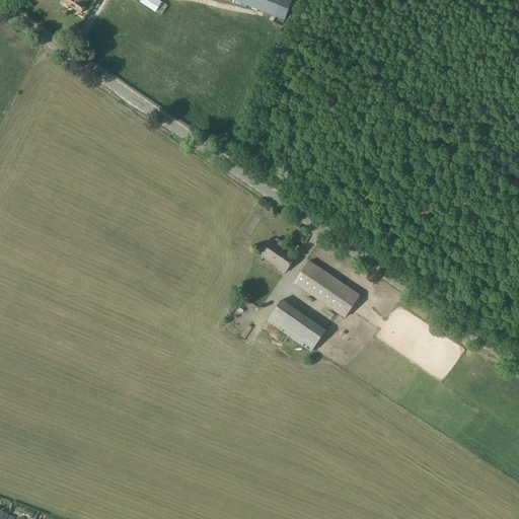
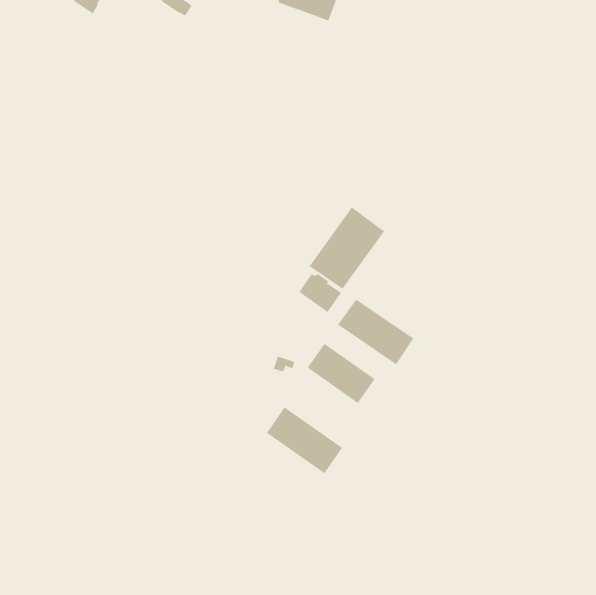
building: none -> [309,207,385,289]
building: none -> [266,406,343,474]

